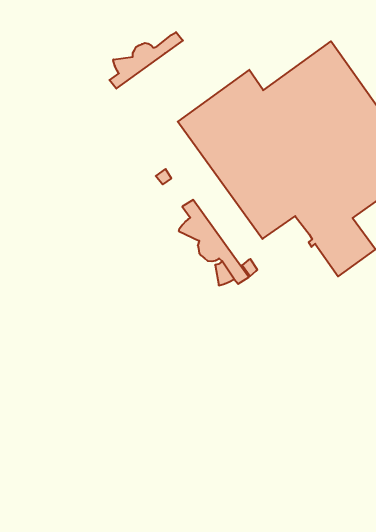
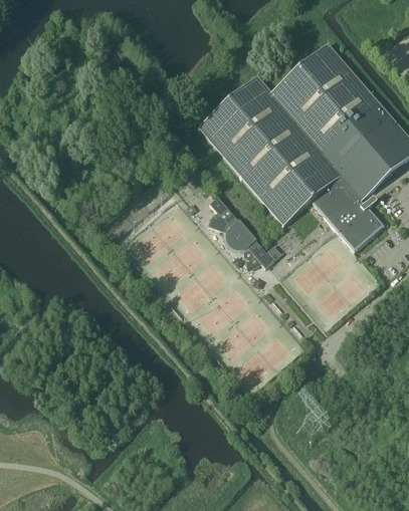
building: [109,32,183,89] -> none

